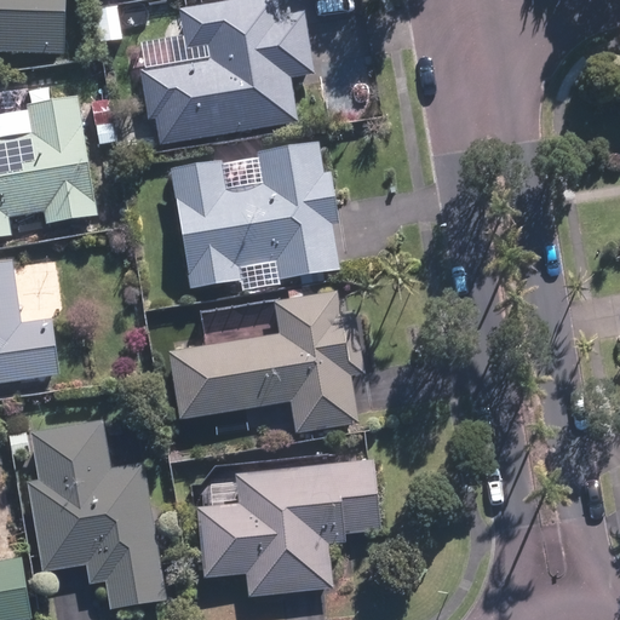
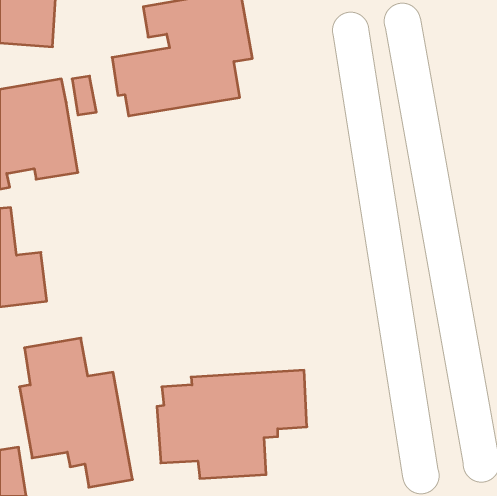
building: [170,143,339,291] -> none
building: [166,289,363,432] -> none

